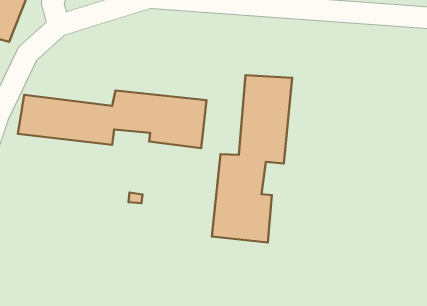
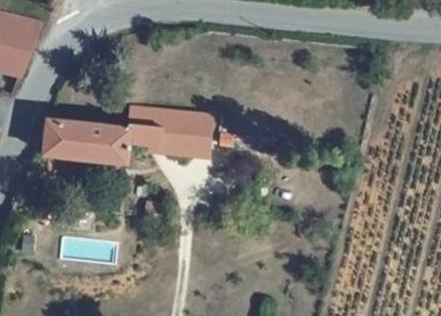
building: [212,75,292,242] -> none

